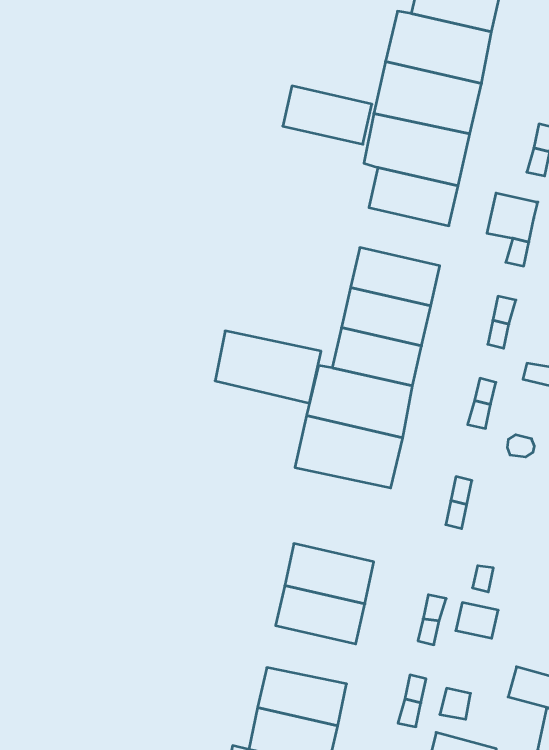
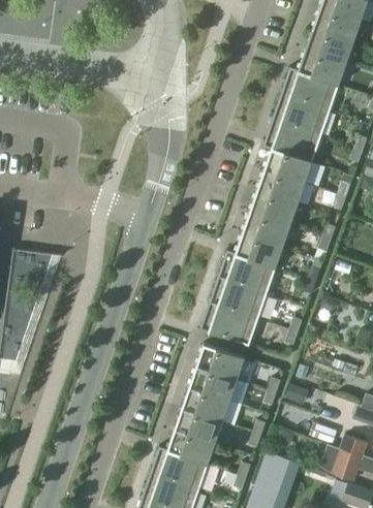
building: [283,86,372,144] -> [256,170,305,205]
building: [215,331,321,403] -> [200,304,258,347]
building: none -> [182,386,230,421]

